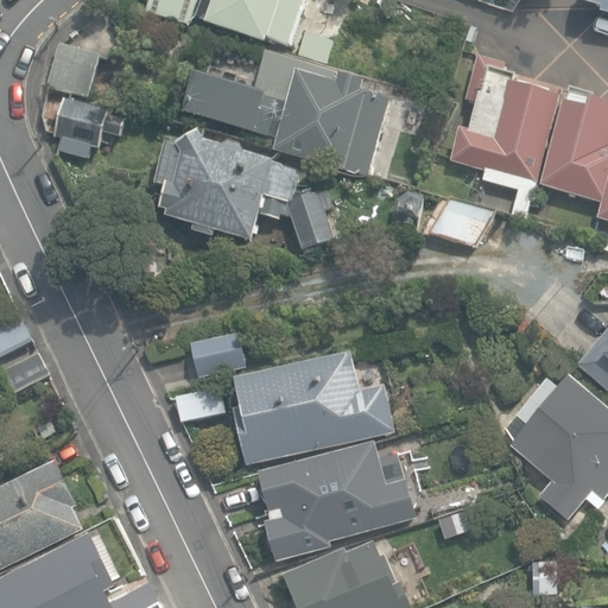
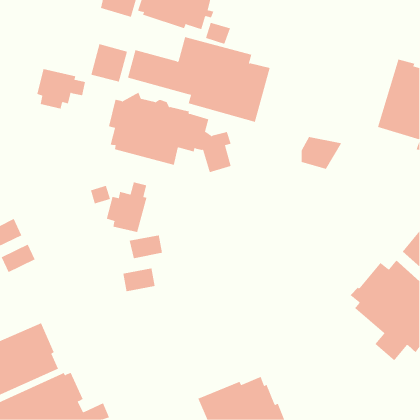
building: [45,42,99,97] -> [91,43,128,82]
building: [452,52,563,216] -> none
building: none -> [106,181,147,233]
building: [233,350,394,463] -> none
building: [259,441,417,556] -> none

